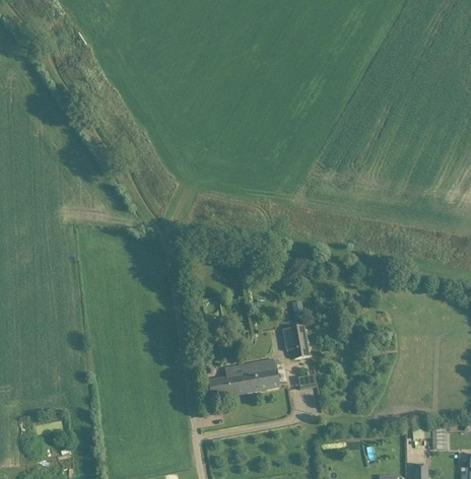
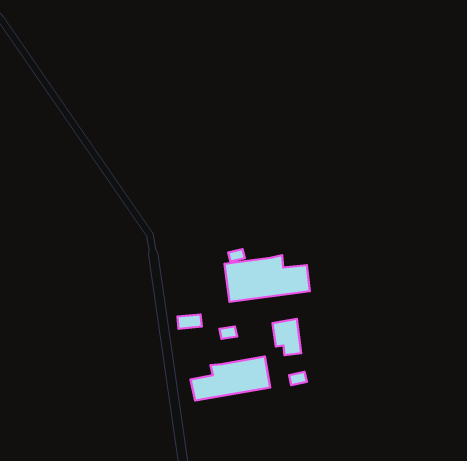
building: none -> [225,255,310,302]

